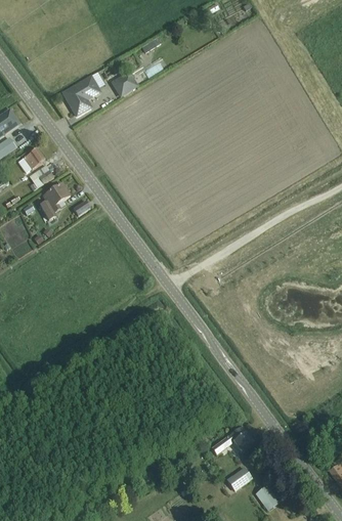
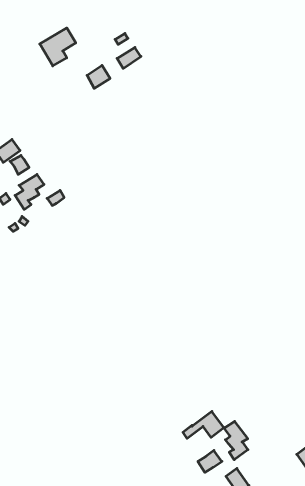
building: [62,77,99,116] -> [40,28,76,66]
building: none -> [224,421,248,460]

